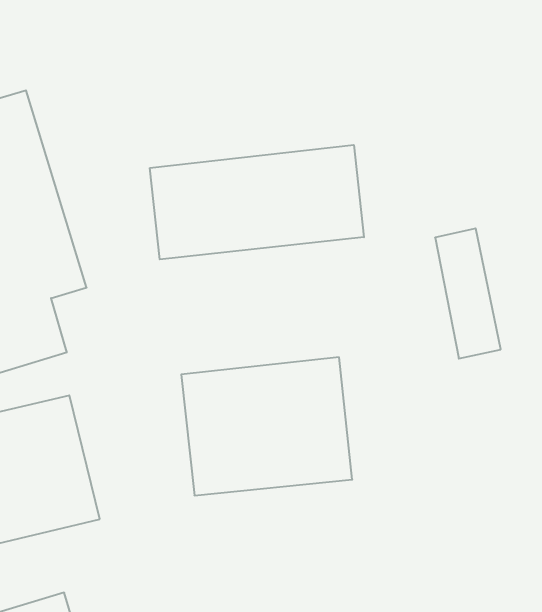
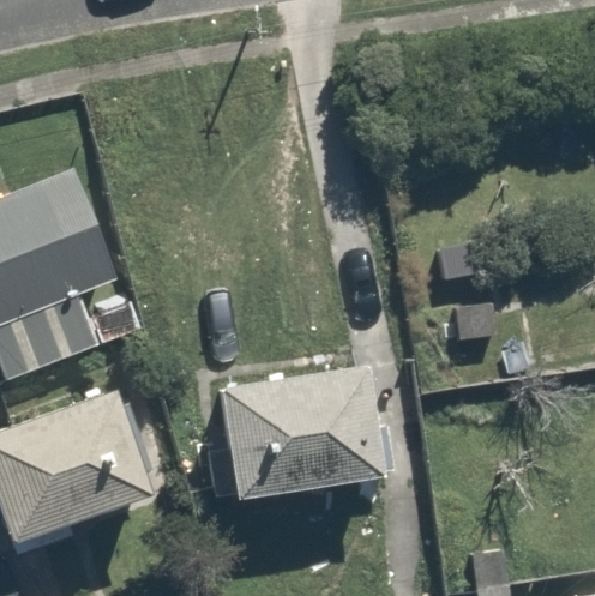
building: [150,145,364,259] -> none

